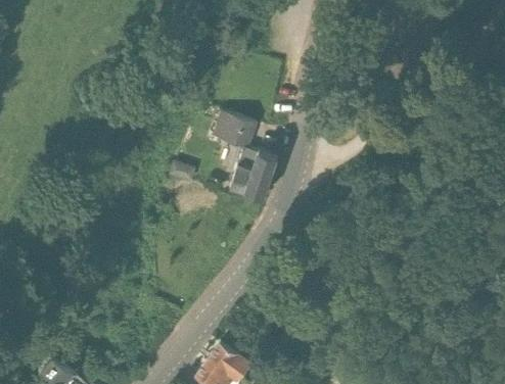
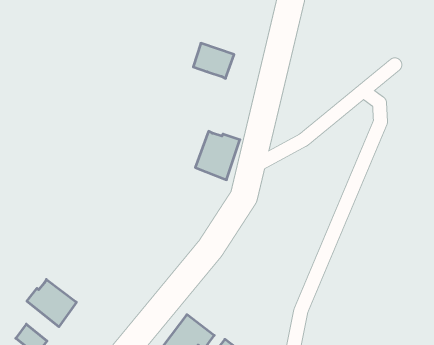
building: [214,111,258,149] -> [193,43,234,78]
building: none -> [27,279,76,327]

